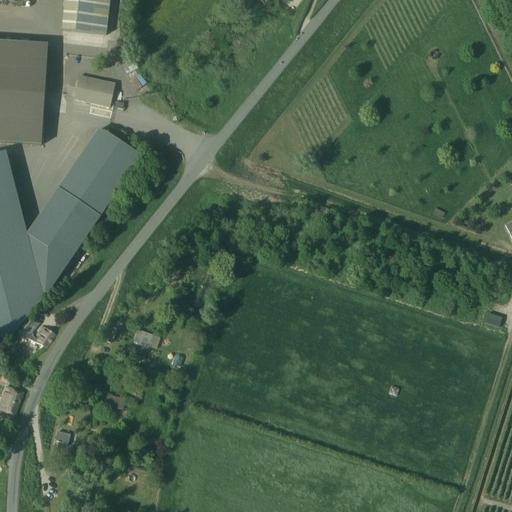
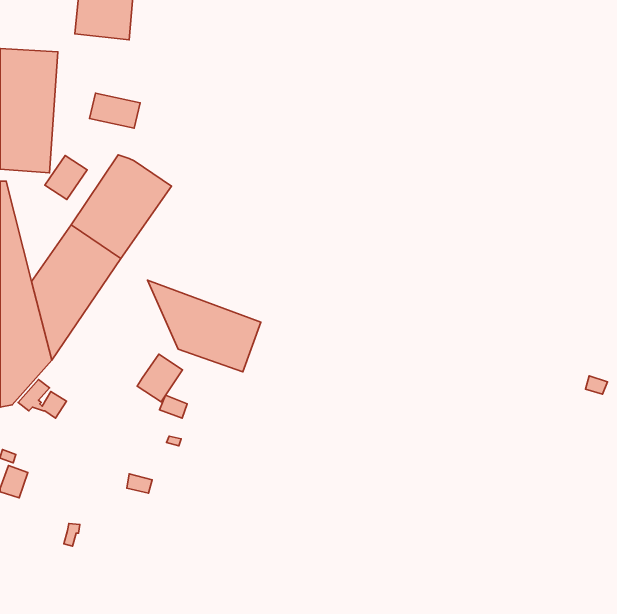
building: none -> [45,155,87,200]
building: none -> [147,280,261,372]
building: none -> [137,354,183,402]

